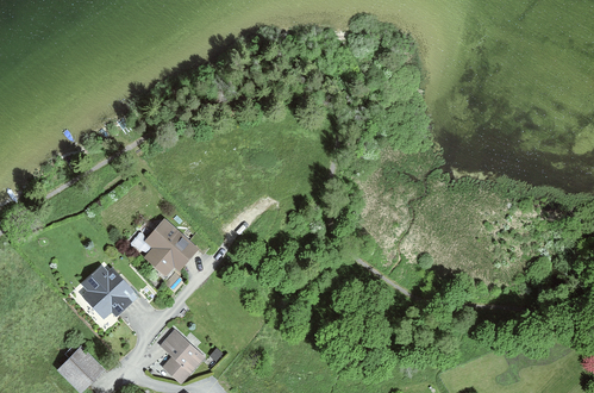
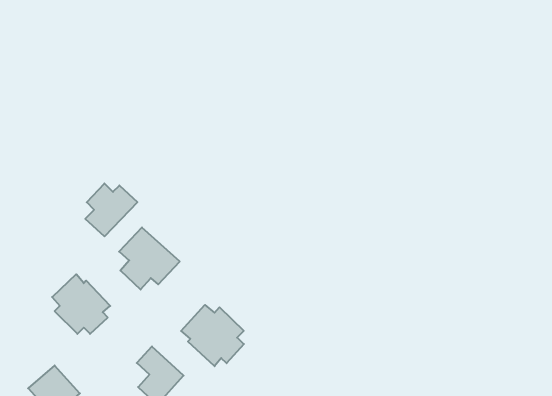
building: none -> [85,183,137,236]
building: none -> [181,305,244,366]

